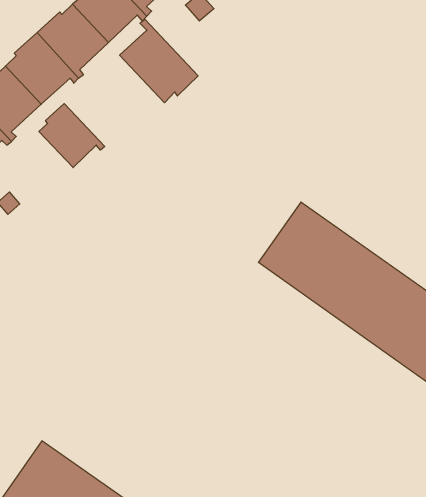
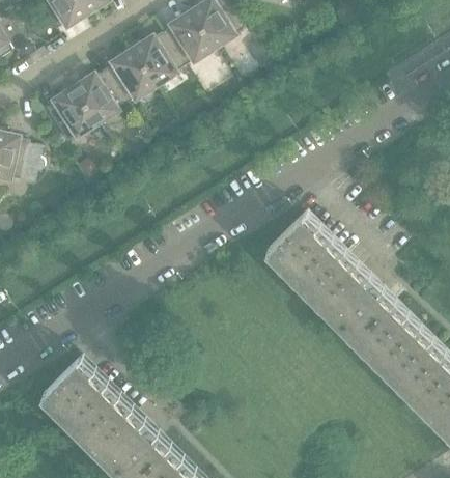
building: [120,19,198,103] -> none
building: [39,104,105,168] -> none

